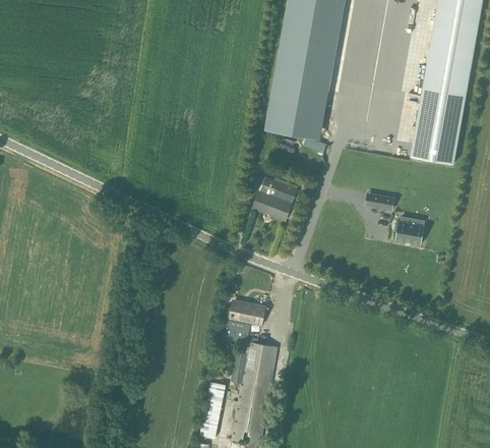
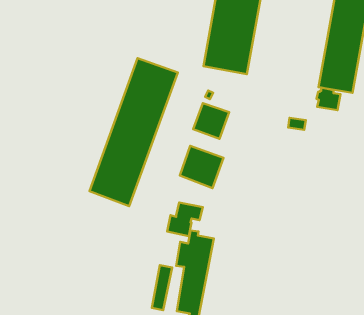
building: none -> [89,58,178,206]
building: [393,217,424,245] -> [316,88,341,110]
building: none -> [180,146,223,188]

